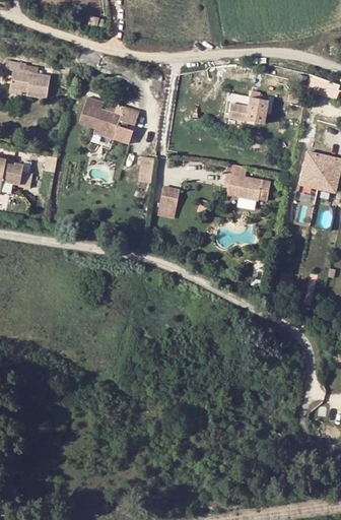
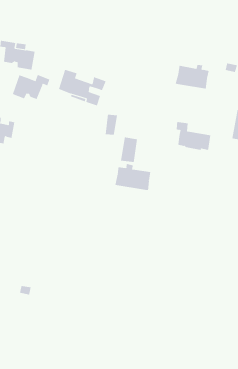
building: none -> [12,74,50,100]
building: none -> [115,163,151,191]

